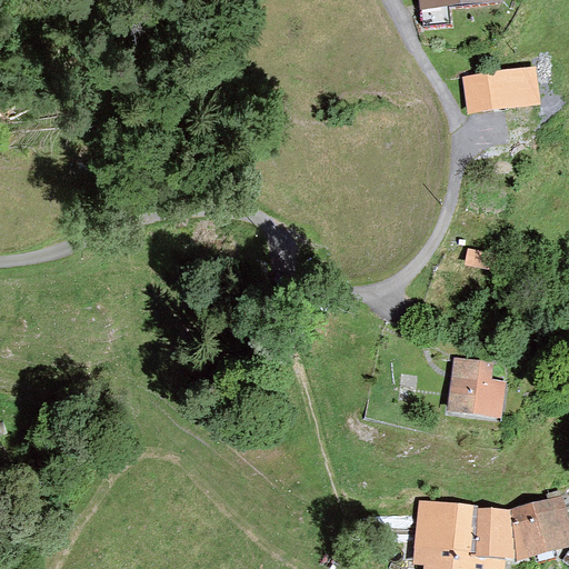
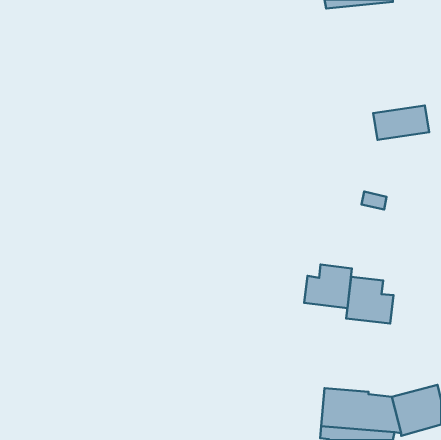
building: [462,67,535,111] -> [373,105,429,140]
building: none -> [304,265,352,308]

